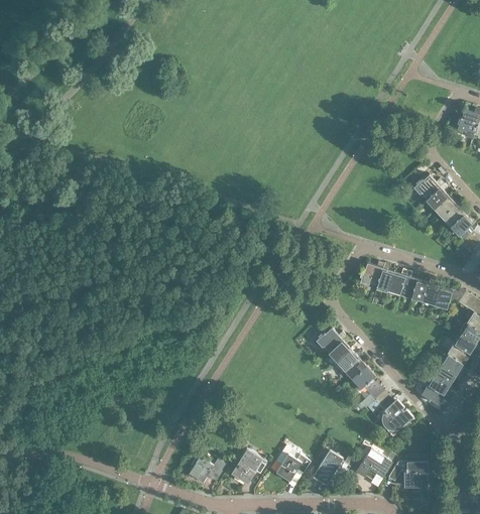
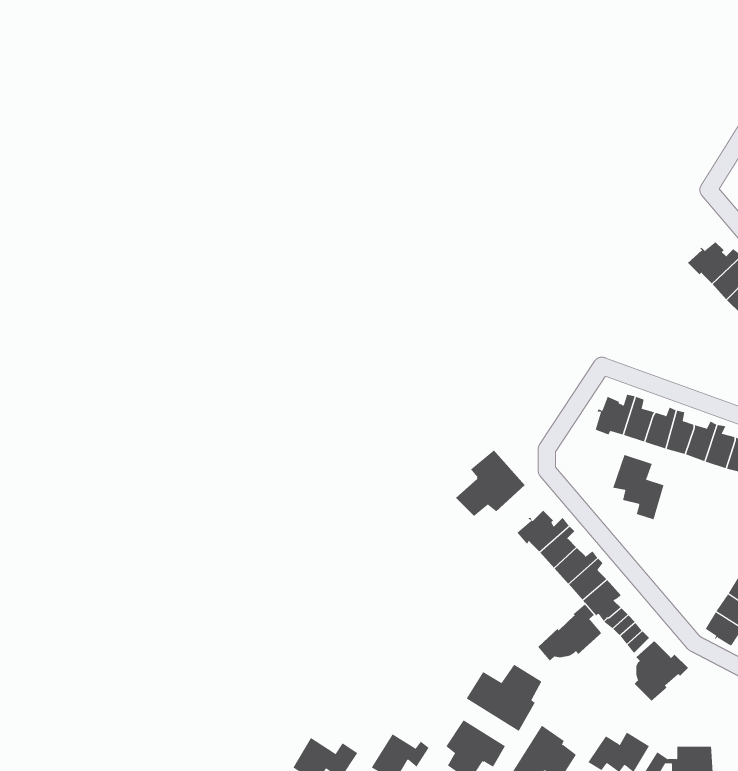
building: none -> [455,450,525,517]
building: none -> [612,454,664,520]
building: none -> [537,603,603,661]
building: none -> [466,664,542,732]

